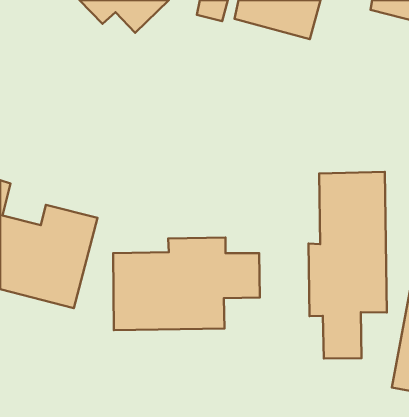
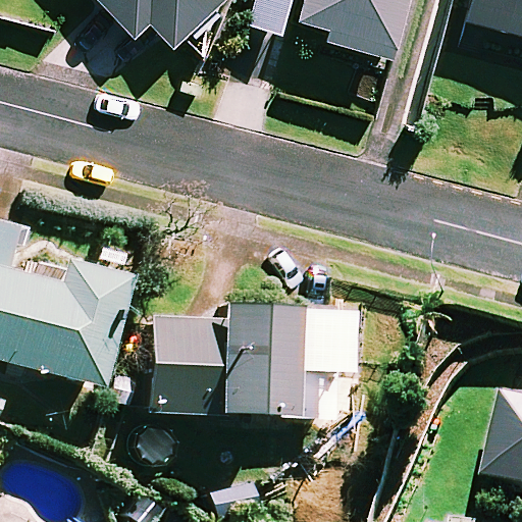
building: [308,172,387,358] -> none

